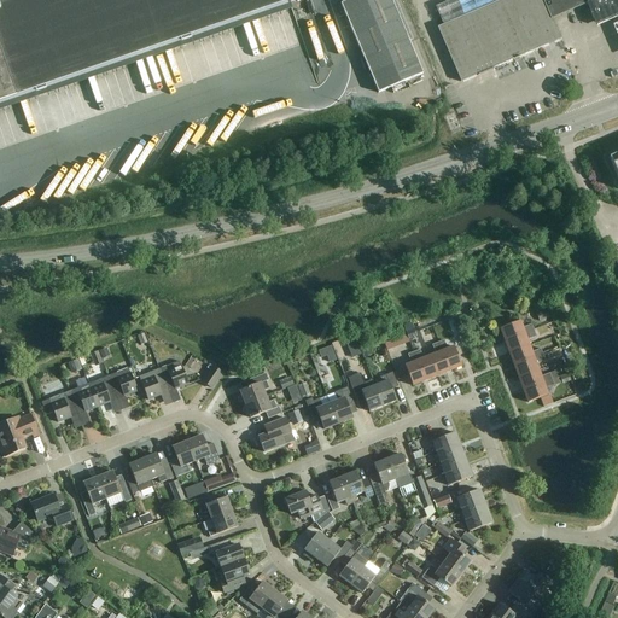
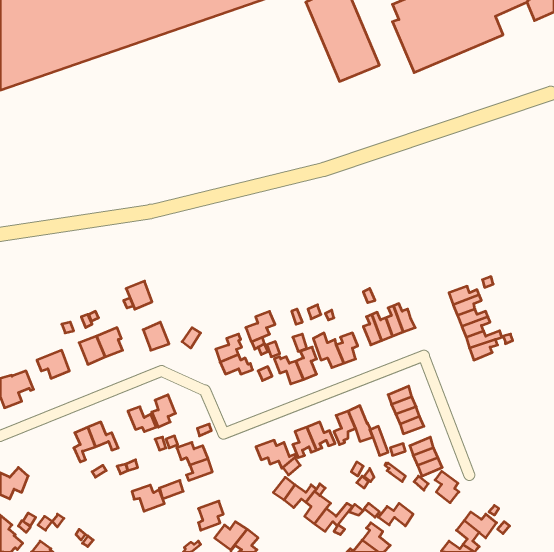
building: [139,367,168,398] -> [126,281,152,309]
building: [69,381,98,413] -> none
building: [258,416,291,450] -> [246,311,275,342]
building: [187,433,220,462] -> none
building: [127,457,153,492] -> none
building: [31,494,71,524] -> none
building: [208,537,244,566] -> [132,485,164,511]
building: [443,537,470,572] -> [435,471,459,503]

